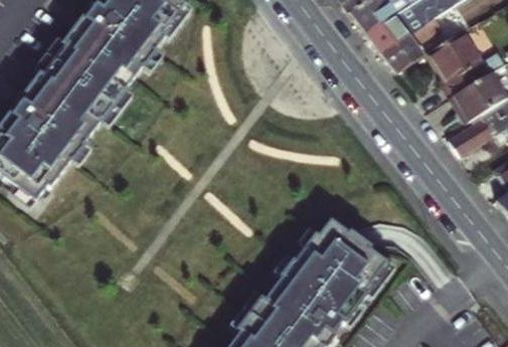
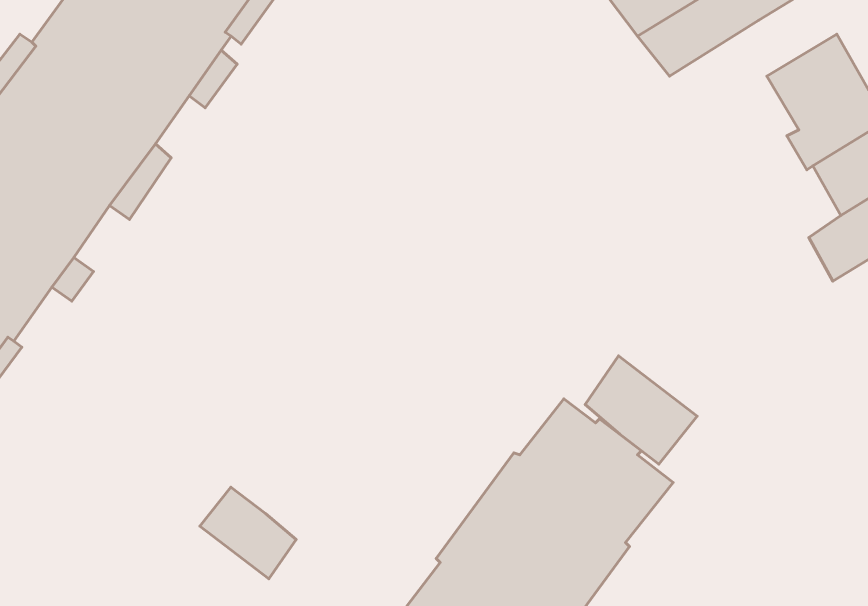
building: [383,25,433,73] -> none
building: none -> [585,356,697,464]
building: none -> [200,487,296,579]

